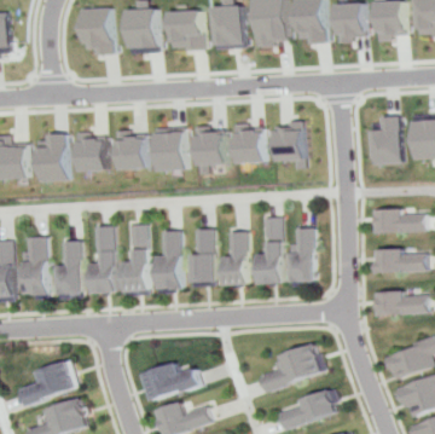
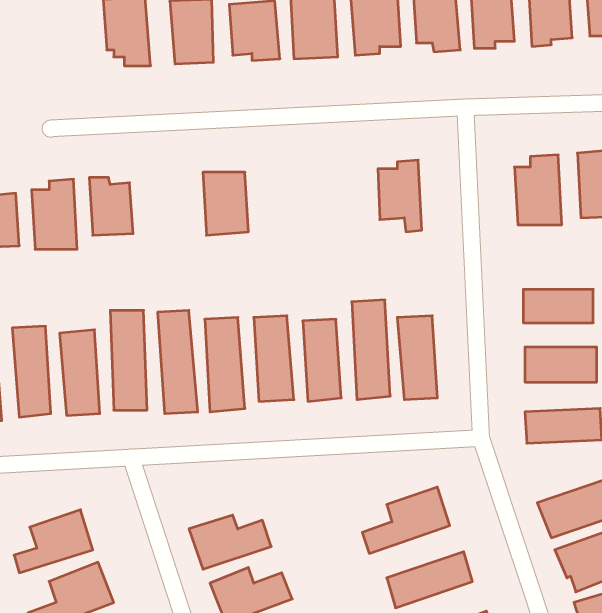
building: [232,123,261,163] -> none
building: [192,126,224,173] -> none
building: [114,131,144,170] -> none

